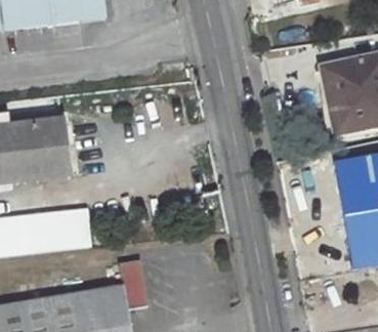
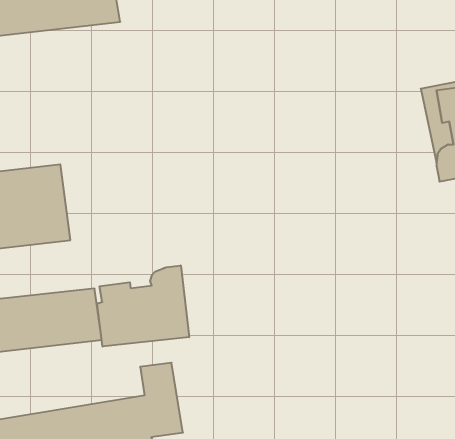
building: none -> [97,265,189,347]

